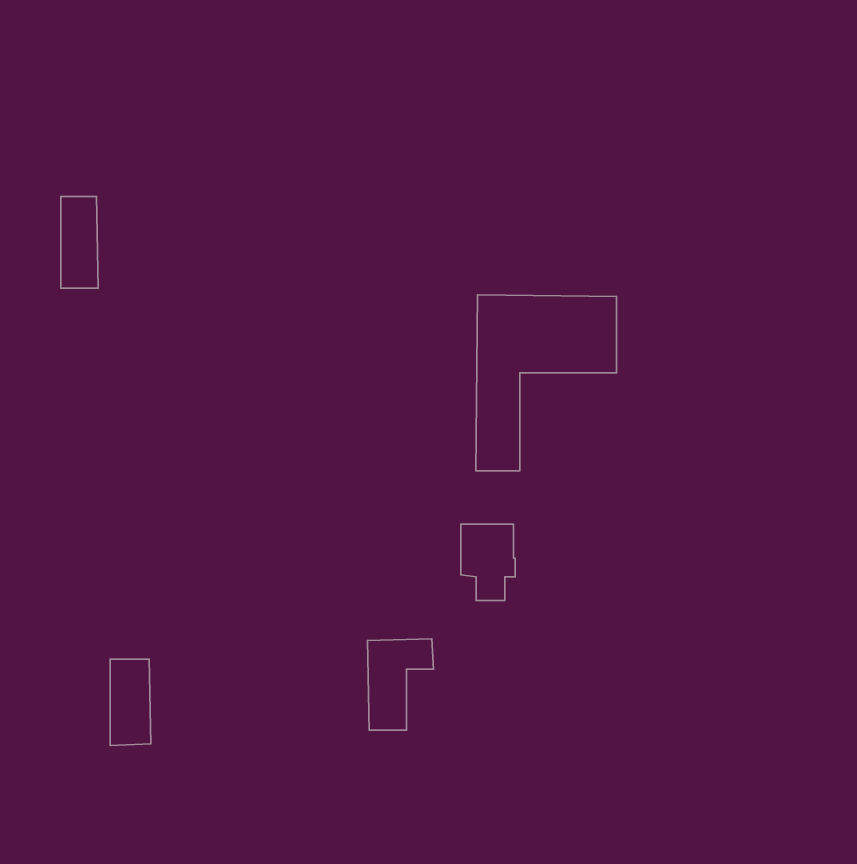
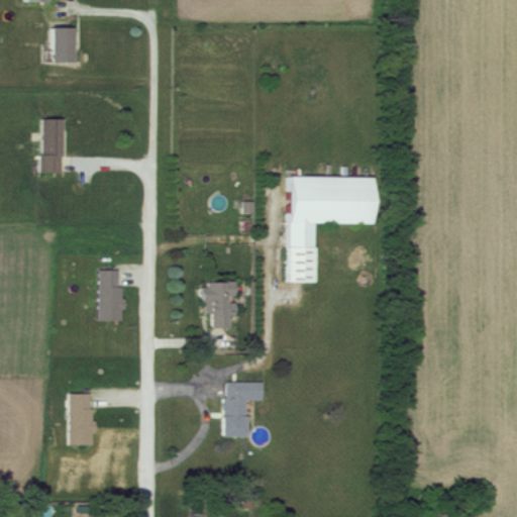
building: none -> [53,28,76,62]
building: none -> [100,270,124,320]
building: [461,524,515,600] -> [203,283,235,328]

